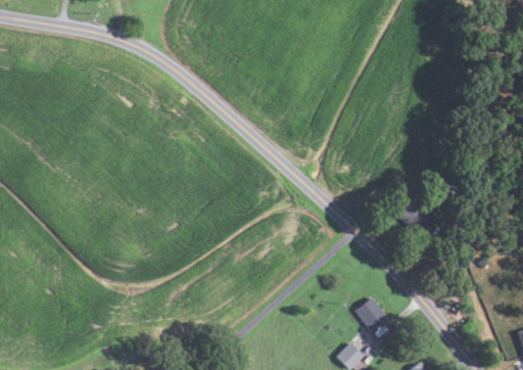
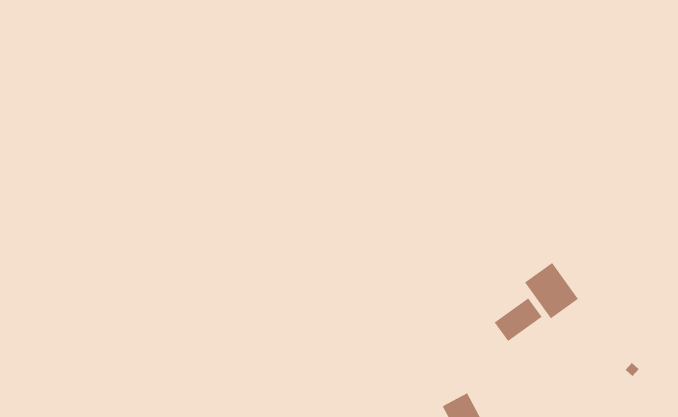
building: none -> [494,298,542,342]

